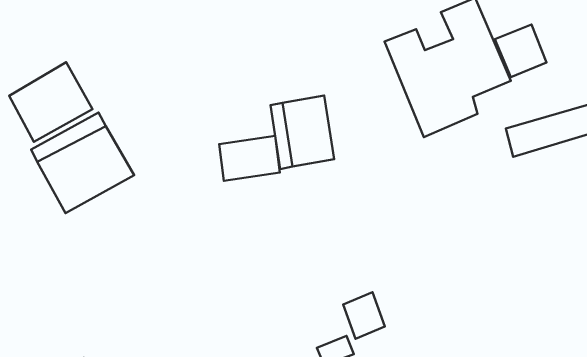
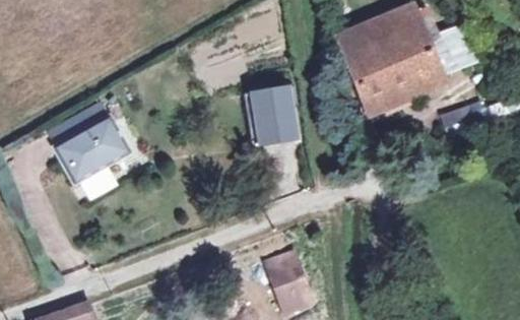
building: [9,62,93,142] -> none
building: [219,136,280,181] -> none
building: [343,292,385,339] -> [272,256,307,295]

